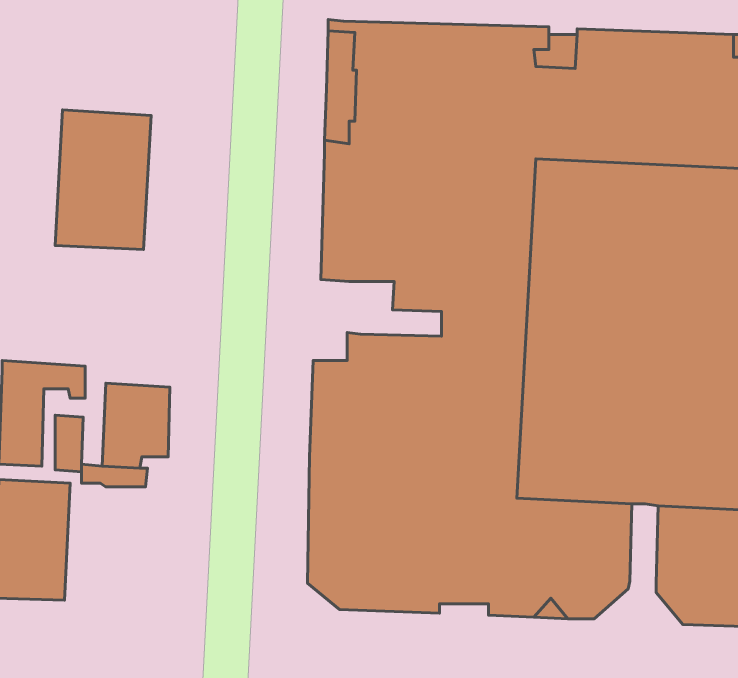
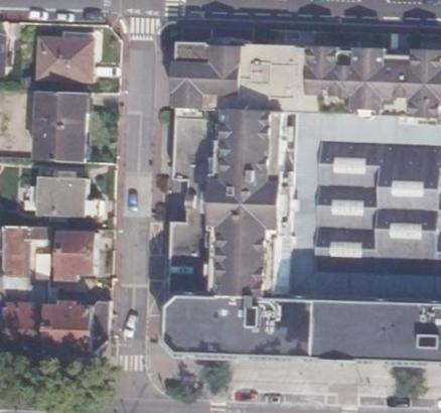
building: none -> [35,37,89,80]
building: none -> [38,177,98,215]
building: none -> [189,179,240,209]
building: none -> [321,298,369,363]
building: none -> [44,300,111,352]

